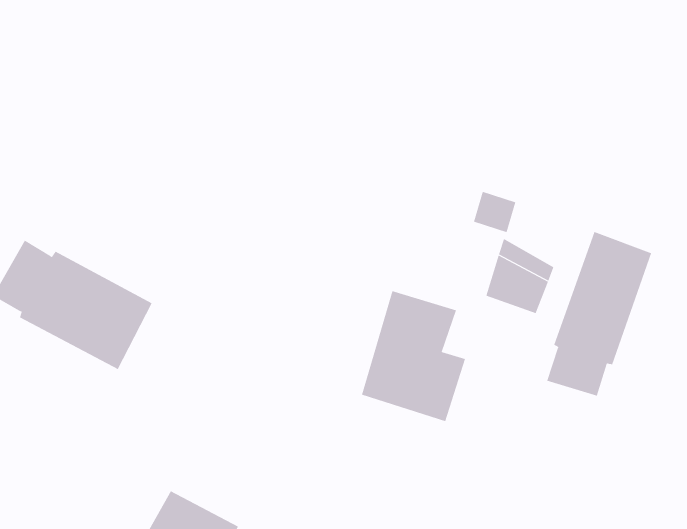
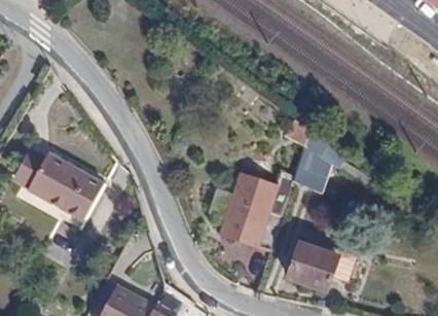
building: [546,231,652,396] -> none
building: none -> [290,242,338,290]

